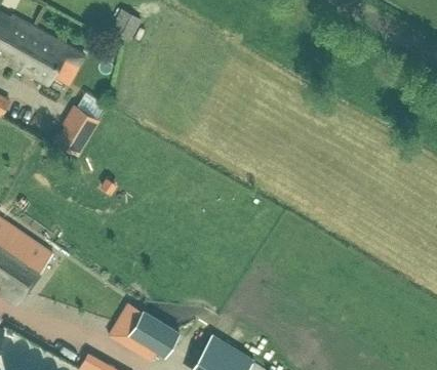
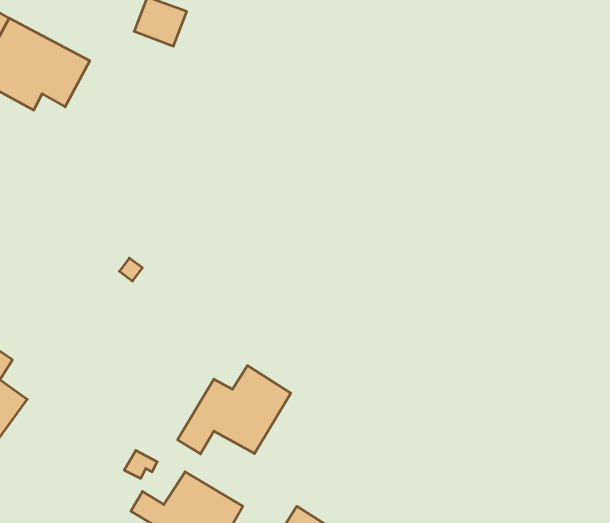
building: [52,105,100,151] -> none
building: none -> [178,366,291,454]

